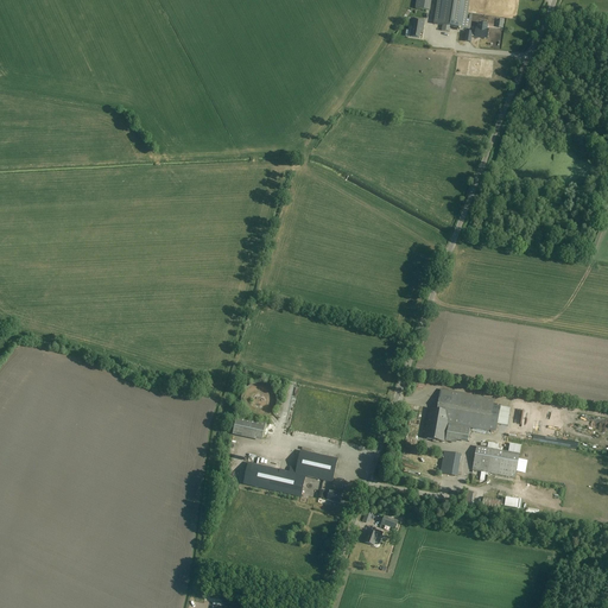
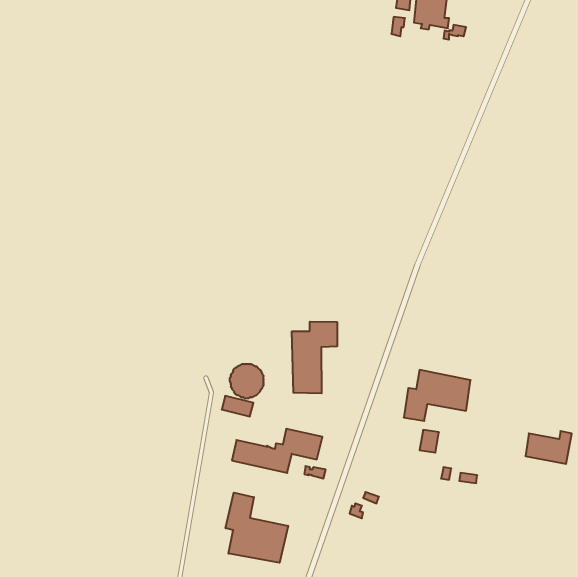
building: none -> [292,322,337,393]
building: [473,443,521,477] -> [525,431,572,464]
building: none -> [226,493,288,563]

